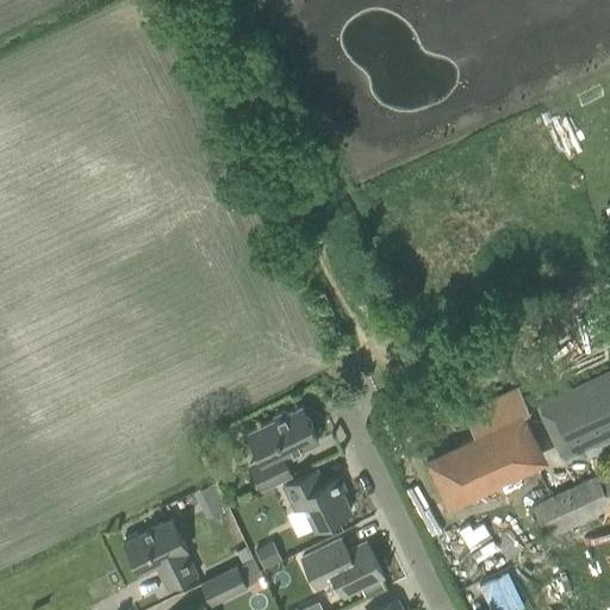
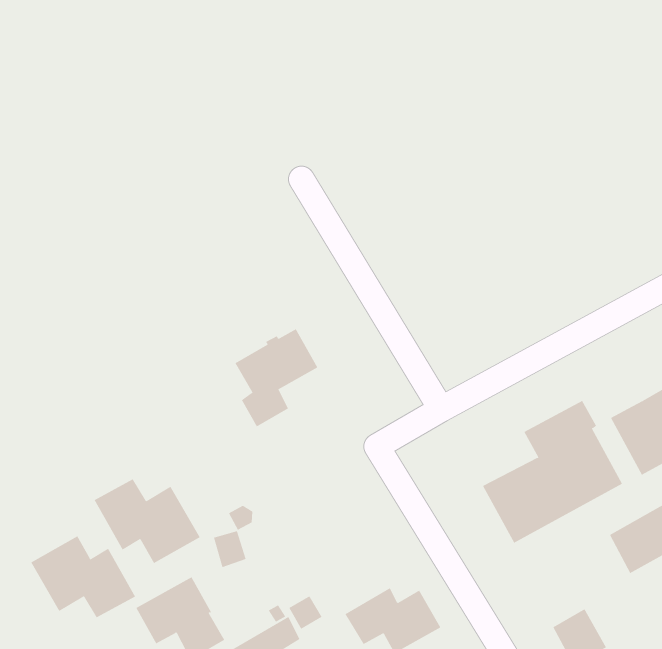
building: [247,410,318,492] -> [234,329,318,427]
building: none -> [94,479,200,564]
building: [282,472,351,531] -> none
building: none -> [30,536,136,618]

